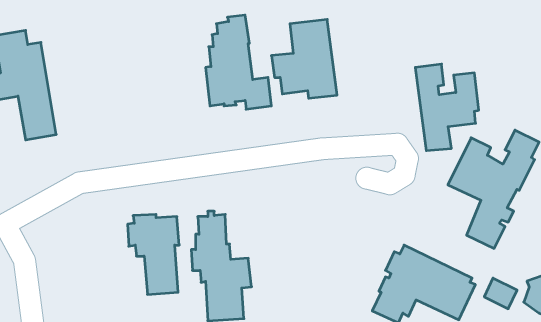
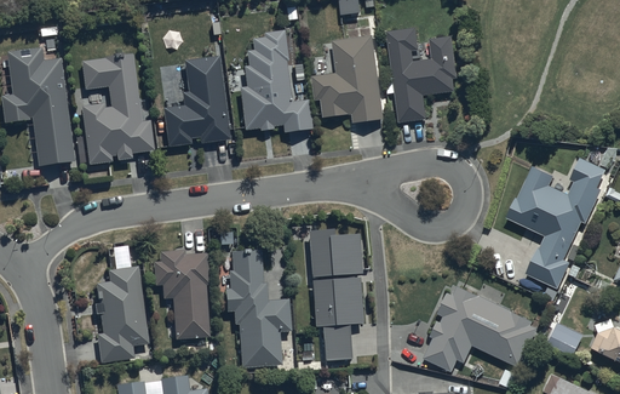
building: none -> [81,51,155,165]
building: none -> [163,57,230,147]
building: [415,64,479,151] -> [388,27,458,122]
building: none -> [308,232,364,361]
building: none -> [94,265,148,365]

